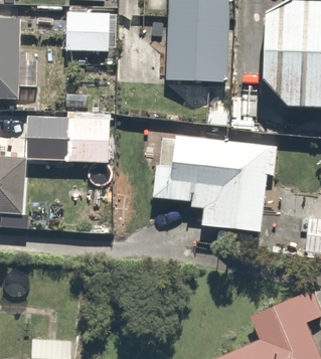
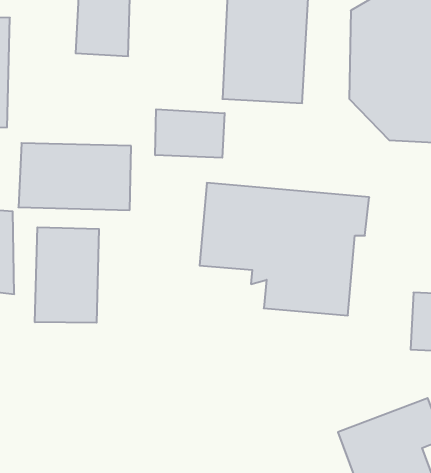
building: none -> [155,109,225,158]
building: none -> [35,227,99,323]

